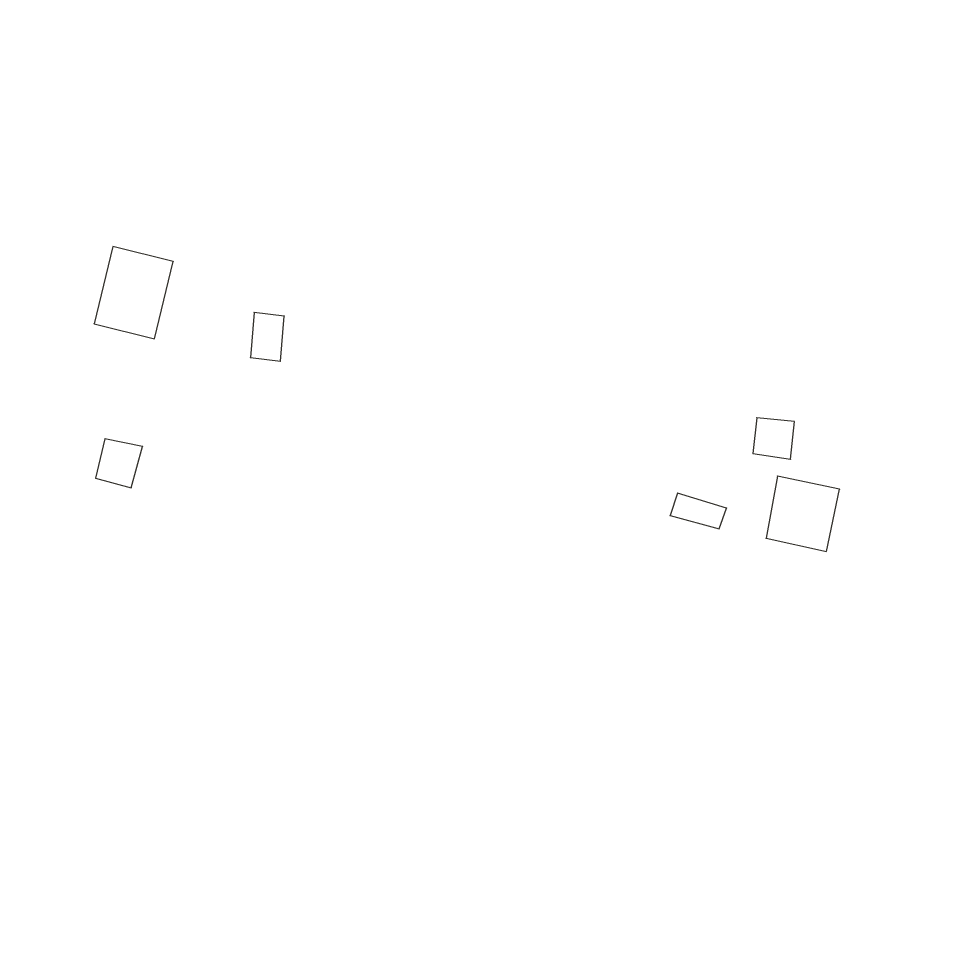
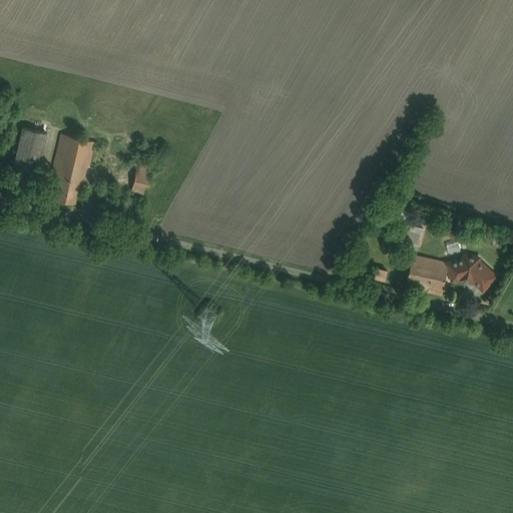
building: none -> [12,131,46,172]
building: [96,439,143,488] -> [54,179,79,205]
building: none -> [447,254,497,292]

